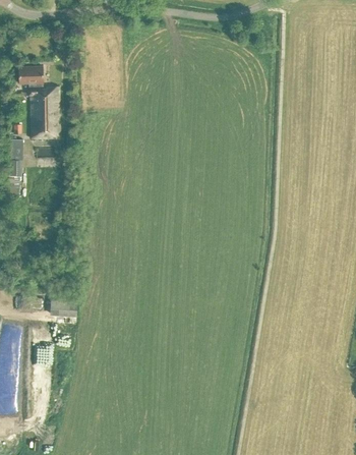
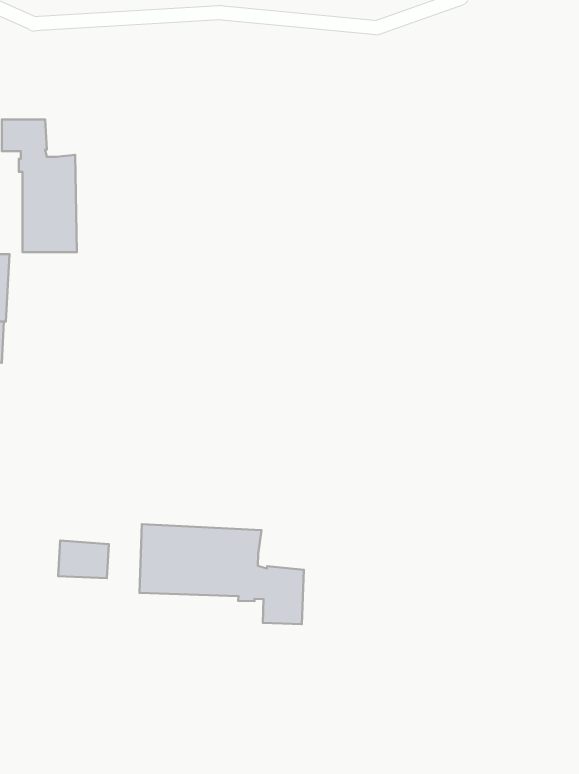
building: none -> [139,524,304,624]

